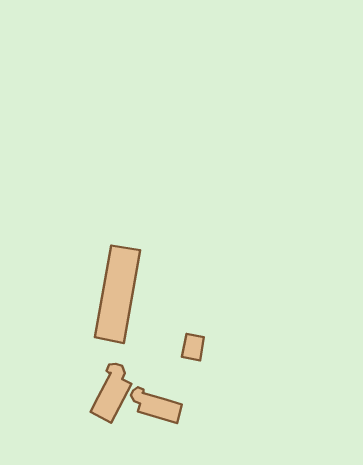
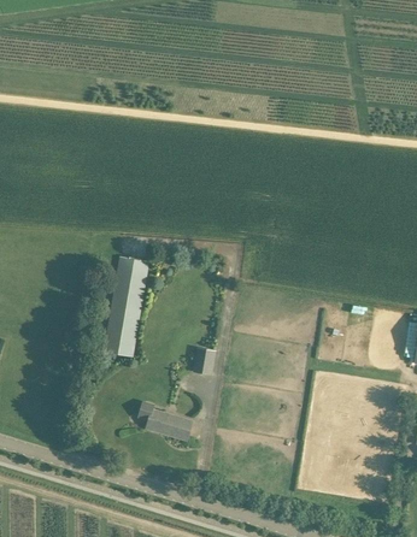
building: [90,364,132,423] -> none

